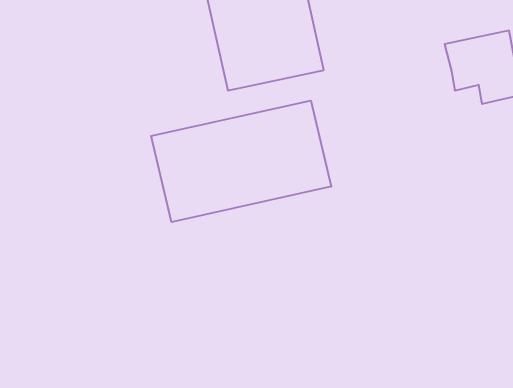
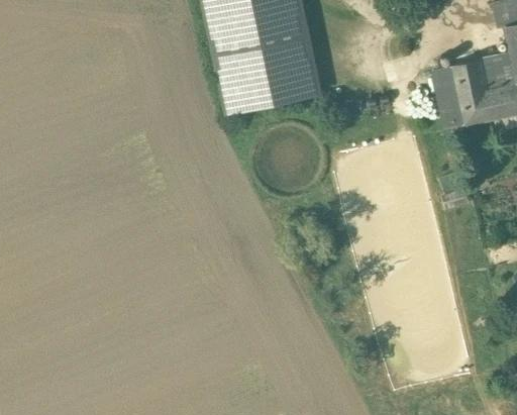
building: [151,101,331,222] -> none

